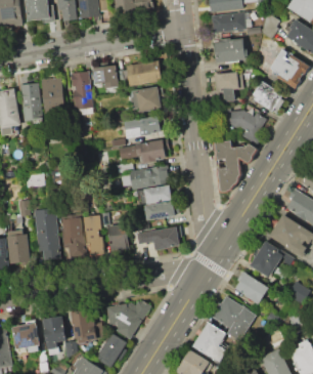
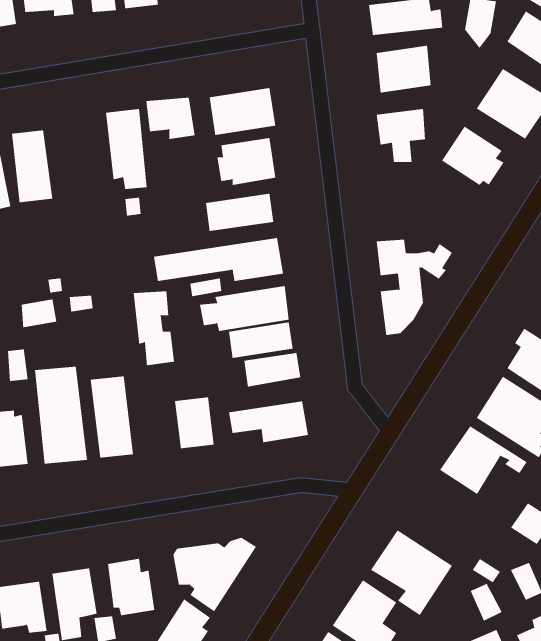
building: [41,76,65,119] -> none
building: [227,109,267,141] -> none
building: [83,215,105,255] -> [133,291,175,366]
building: [234,269,269,304] -> none

